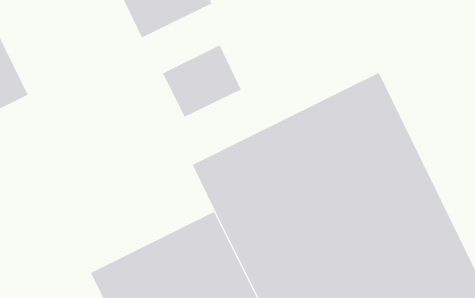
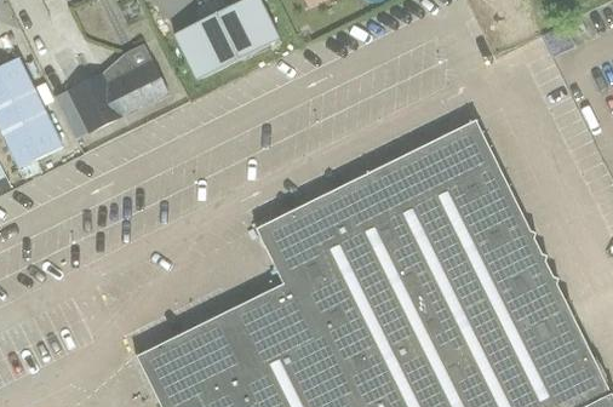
building: none -> [68,58,171,132]
building: [162,45,242,118] -> none

